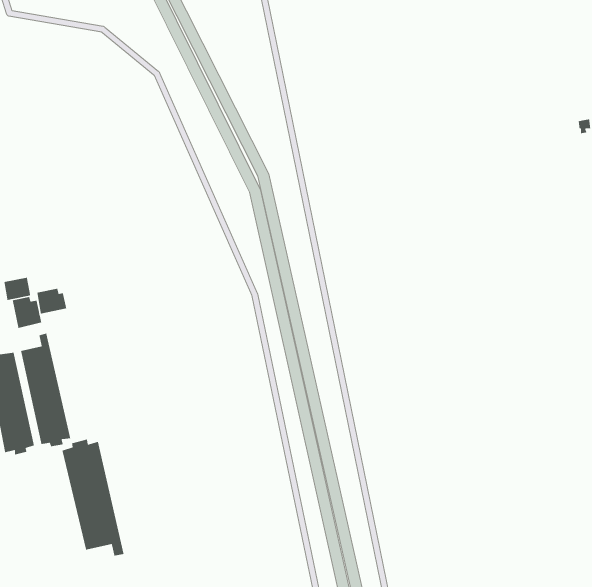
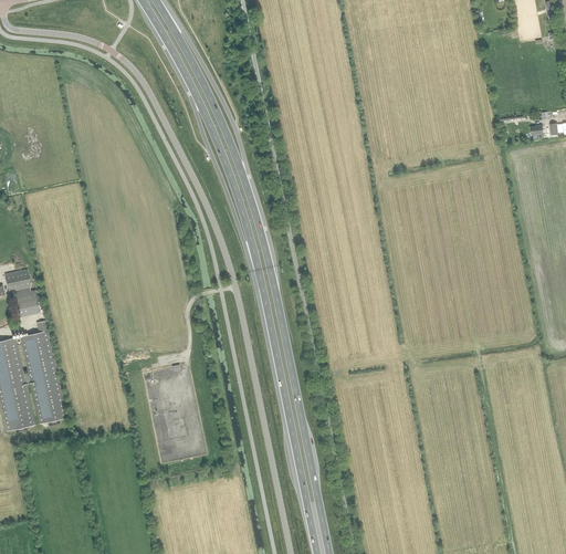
building: [37,288,67,314] -> none
building: [62,439,124,556] -> none

